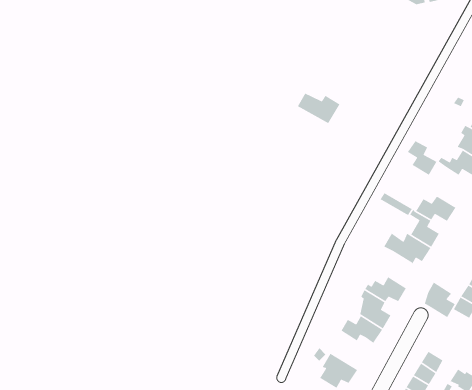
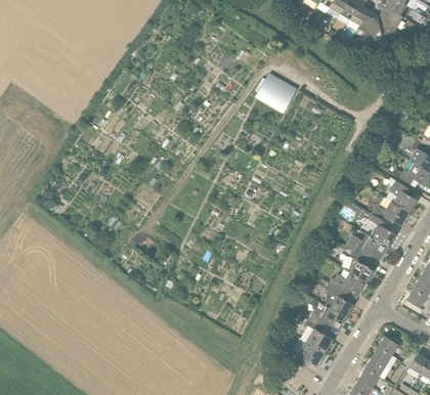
building: [297,92,340,124] -> [259,81,297,108]
building: [407,140,438,176] -> [390,182,417,213]
building: [424,282,456,318] -> [346,251,374,282]
building: none -> [301,319,332,353]

